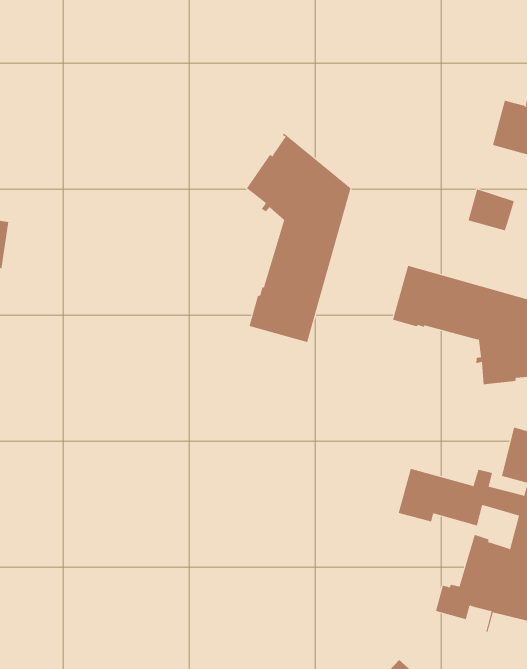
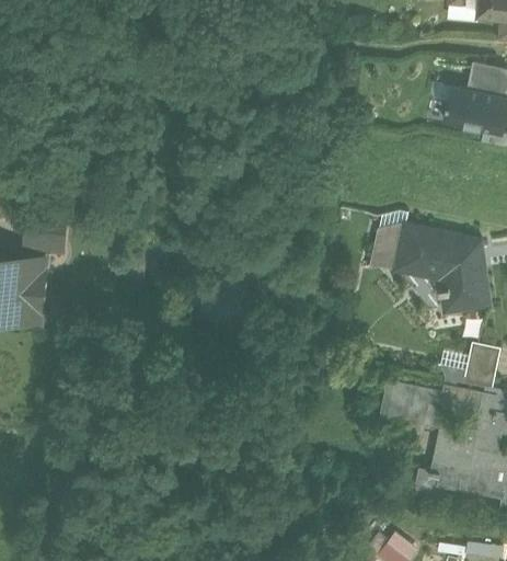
building: [246,132,351,343] -> none
building: [468,189,515,231] -> none

